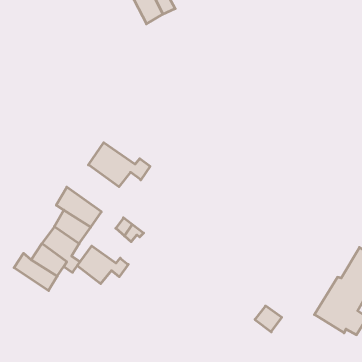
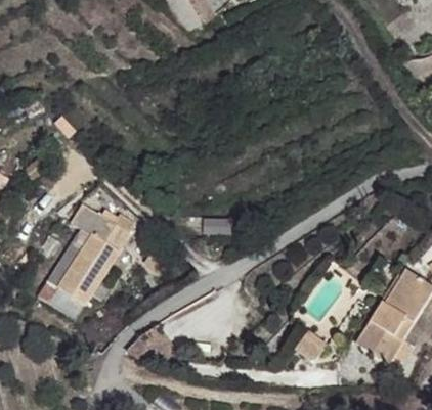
building: [88,143,150,187] -> none
building: [77,246,128,284] -> none

